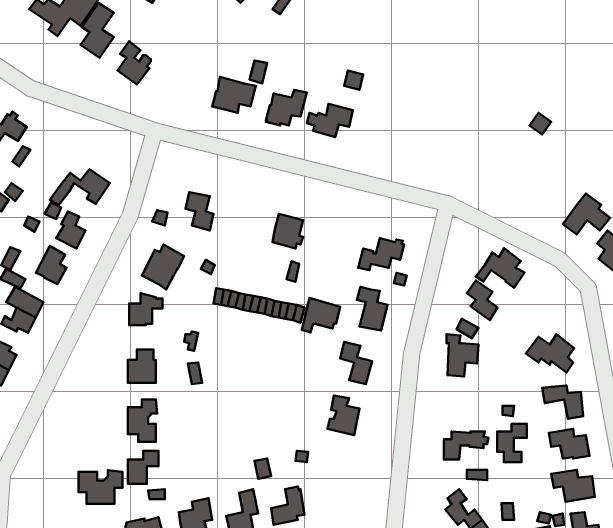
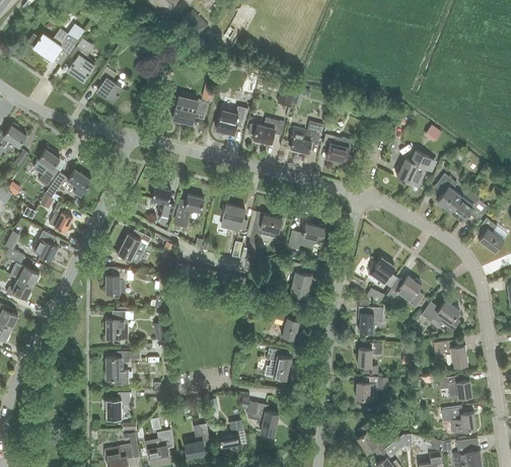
building: none -> [290,121,323,153]
building: none -> [322,135,353,163]
building: none -> [32,148,59,185]
building: none -> [396,152,436,187]
building: none -> [436,174,461,213]
building: none -> [173,196,204,227]
building: [476,248,525,288] -> [385,276,424,307]
building: [302,298,340,332] -> [250,213,281,240]
building: [497,424,527,462] -> [358,343,381,374]
building: none -> [246,400,278,435]
building: [78,470,122,504] -> none

